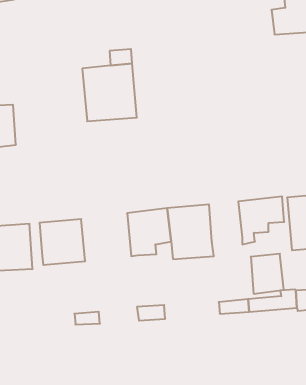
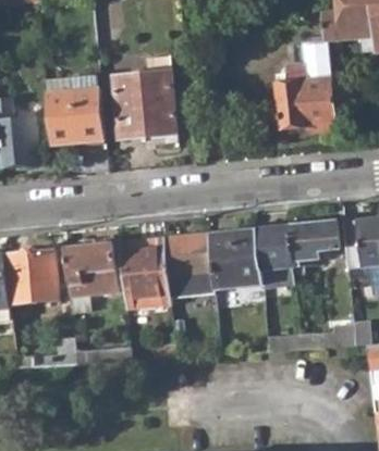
building: none -> [276,39,335,130]
building: none -> [45,62,103,145]
building: none -> [121,238,171,302]
building: [251,254,284,294] -> [256,225,293,270]

